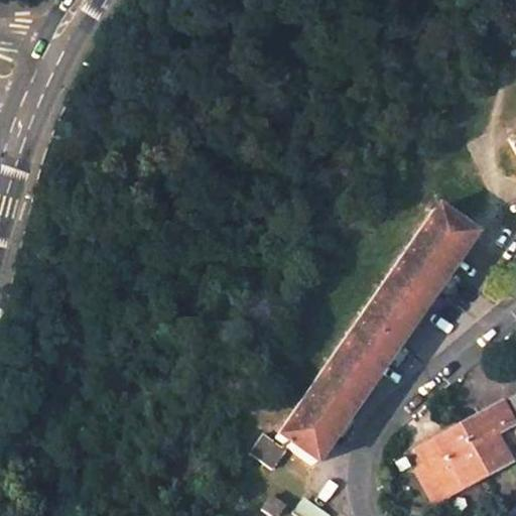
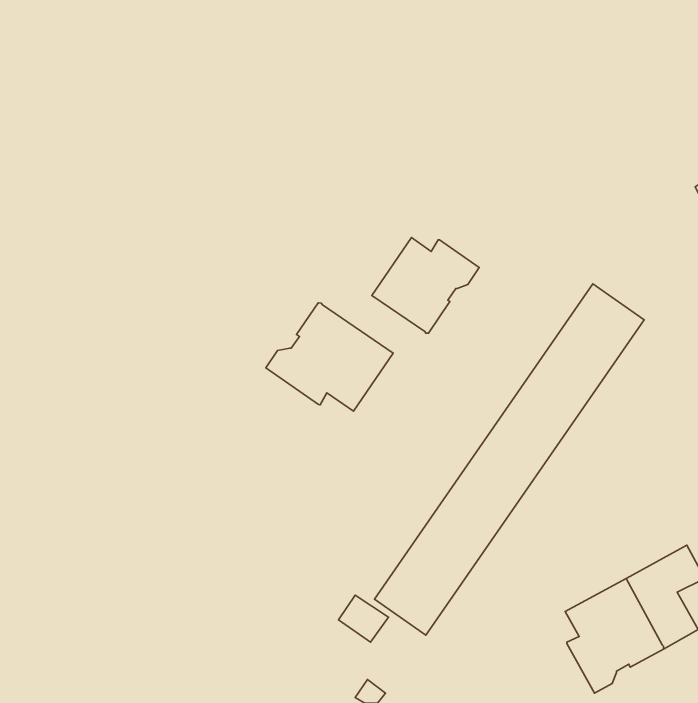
building: none -> [372,238,479,333]
building: none -> [266,303,393,411]

